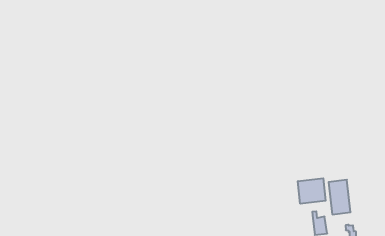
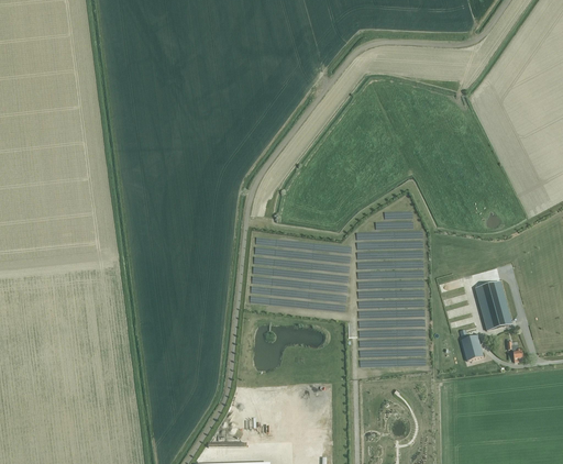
building: [298,178,326,204] -> none

